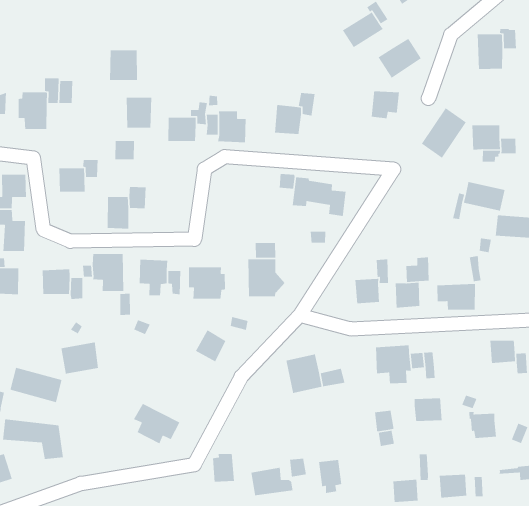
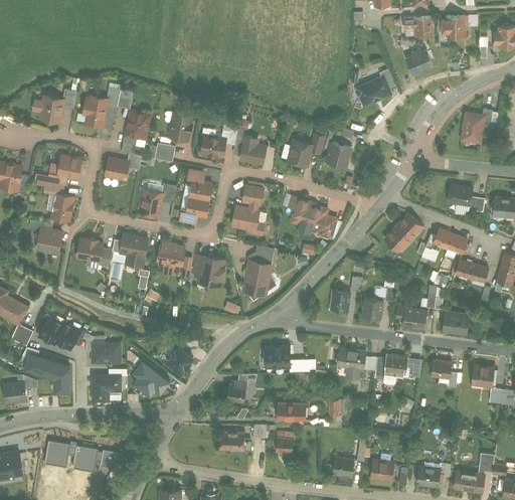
building: [378,38,422,79] -> none
building: [109,50,138,81] -> [126,109,153,138]
building: [371,90,400,119] -> [326,140,353,165]
building: [421,107,467,159] -> [385,211,425,253]
building: none -> [179,167,212,223]
building: none -> [233,180,267,235]
building: none -> [442,311,469,337]
building: [195,329,227,363] -> [165,350,192,378]
building: [60,342,99,374] -> [92,343,121,365]
building: [414,397,443,422] -> [384,353,408,375]
building: [469,411,497,439] -> [415,465,438,490]
building: none -> [278,403,307,422]
building: none -> [92,377,121,404]
building: [212,453,235,483] -> [227,380,246,405]

